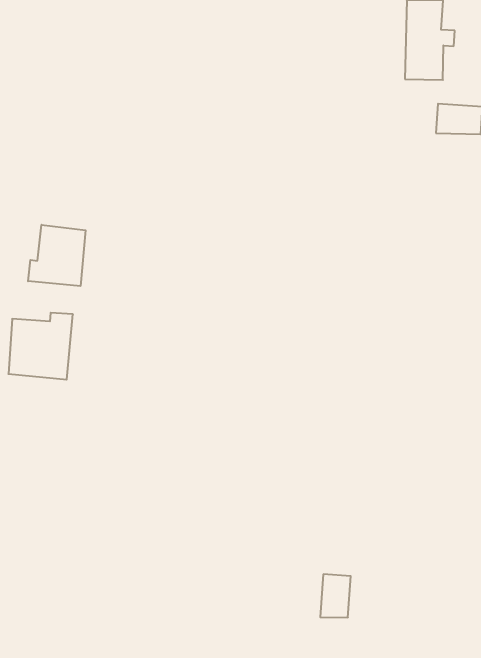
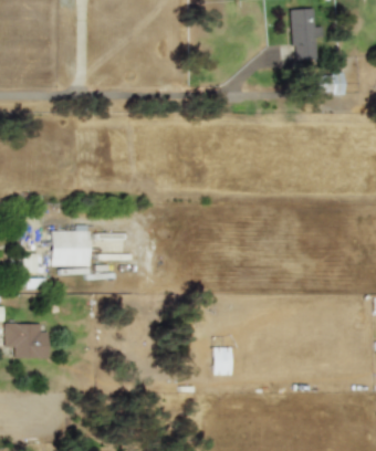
building: [28,225,86,286] -> none
building: [320,574,351,617] -> [213,348,231,376]

